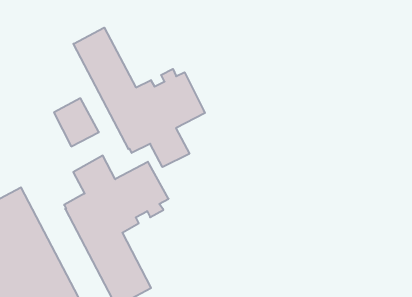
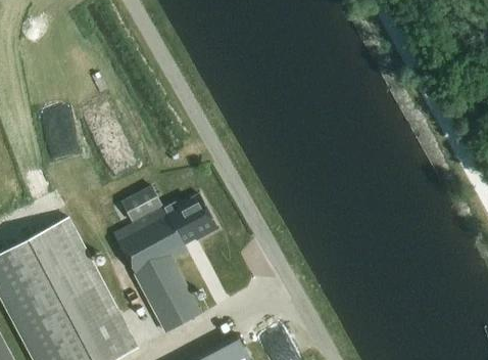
building: [73,28,205,167] -> none

